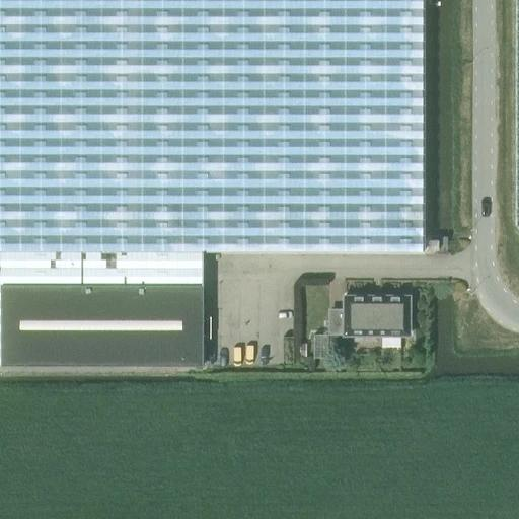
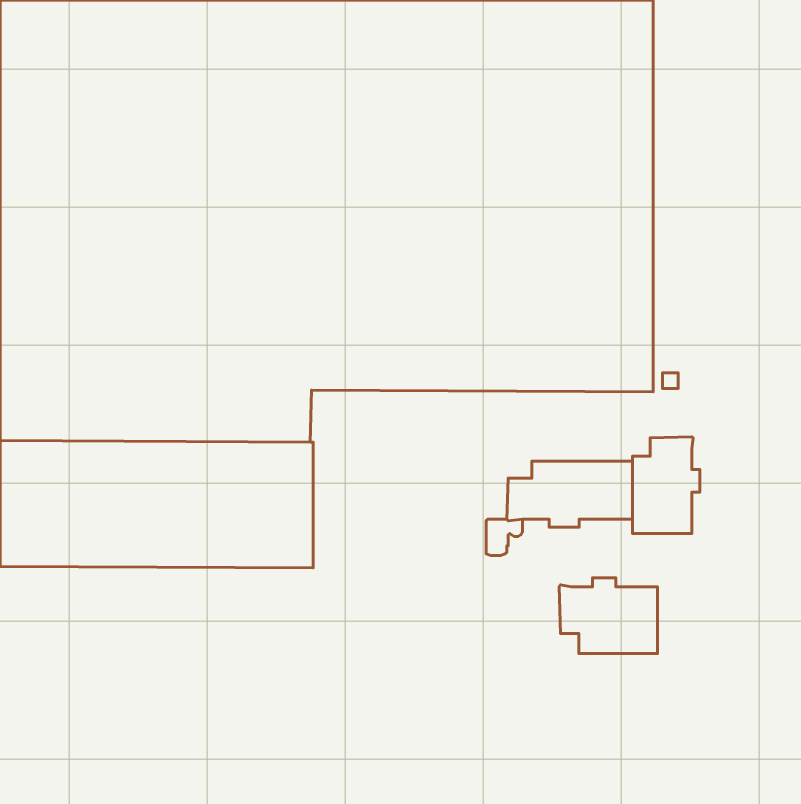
building: none -> [633,437,700,533]
building: none -> [559,578,658,653]

